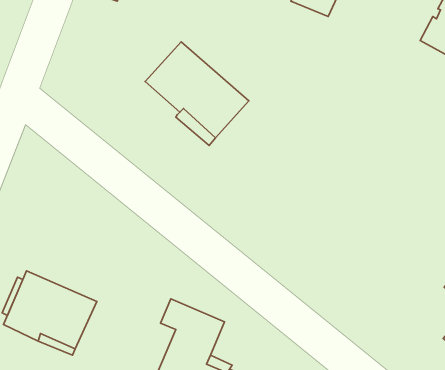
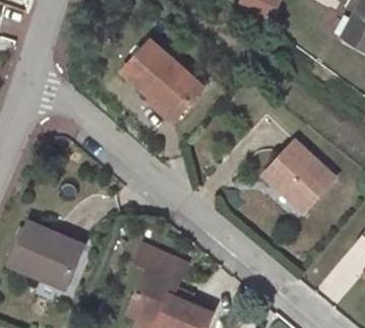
building: none -> [263,141,333,211]

